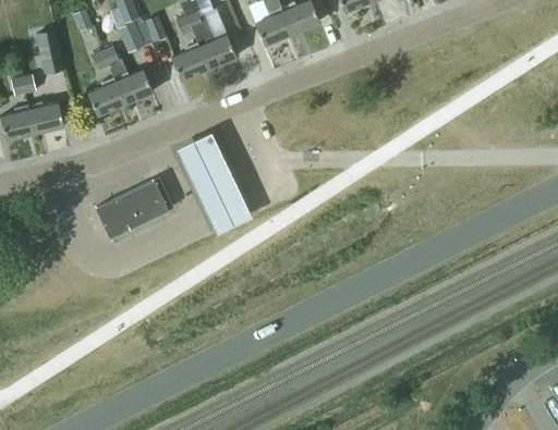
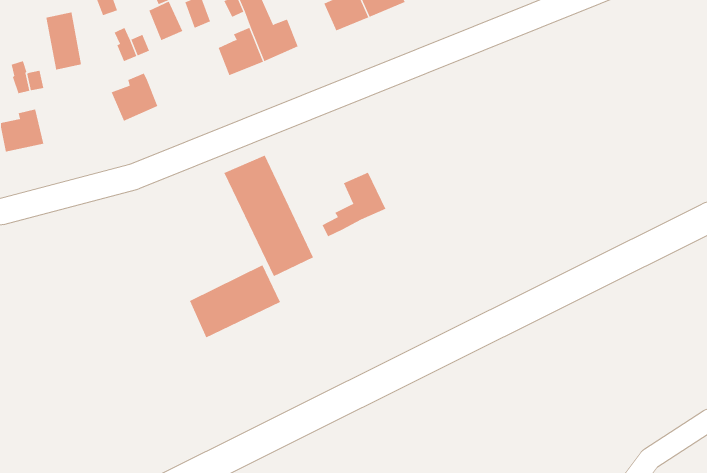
building: [117,70,153,103] -> none
building: [29,102,64,133] -> none
building: none -> [322,172,386,237]
building: [96,180,168,237] -> [189,265,281,338]

